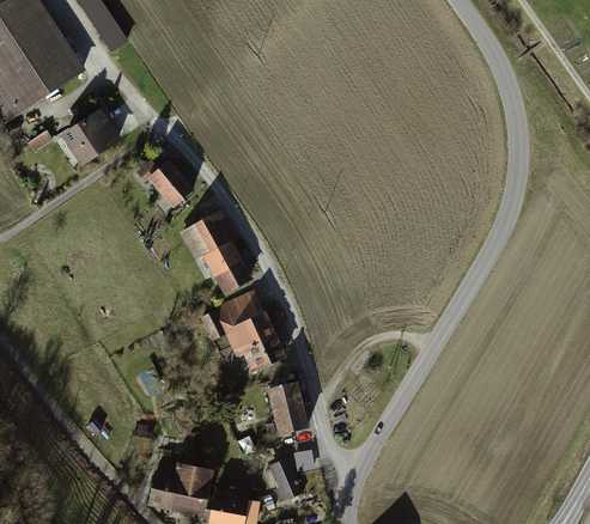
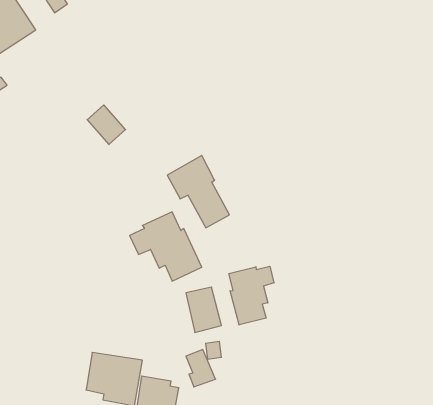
building: [60,108,121,166] -> none
building: [178,208,254,295] -> [167,155,229,228]
building: none -> [229,266,274,325]

